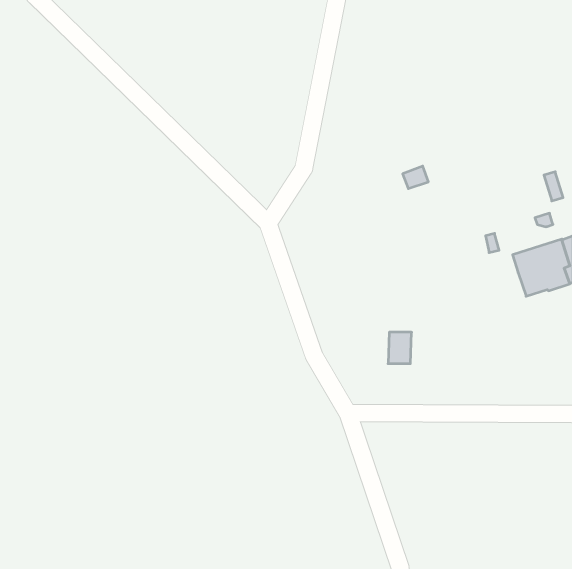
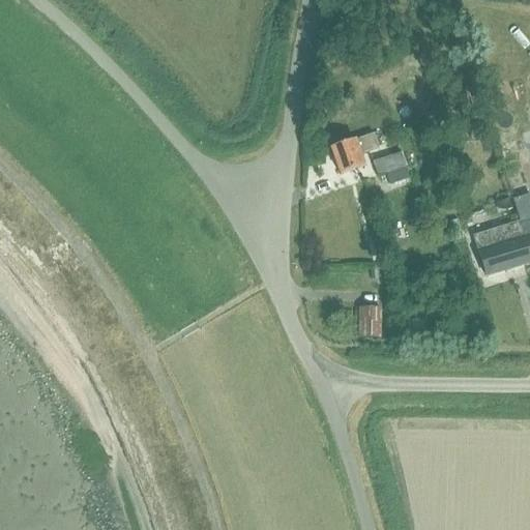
building: none -> [331,131,379,173]

